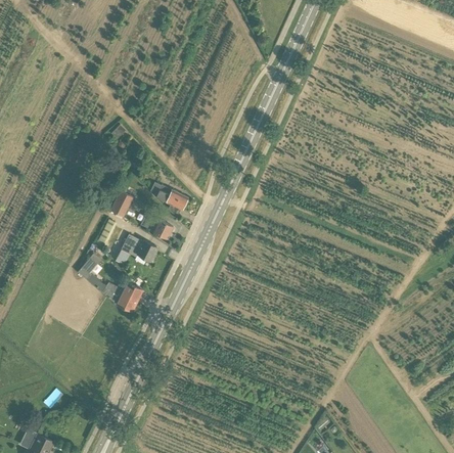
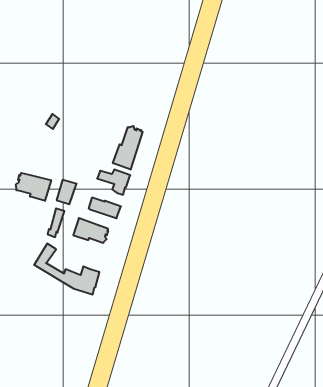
building: none -> [113,126,143,170]
building: none -> [16,173,51,201]

